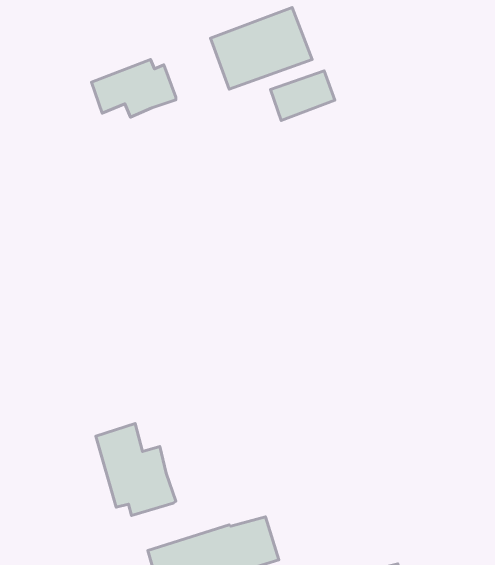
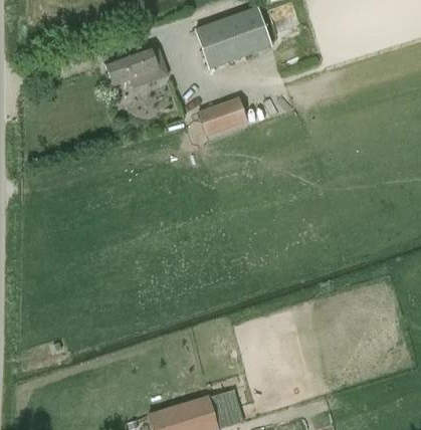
building: [271,71,335,120] -> [199,98,247,136]
building: [96,424,176,516] -> none

